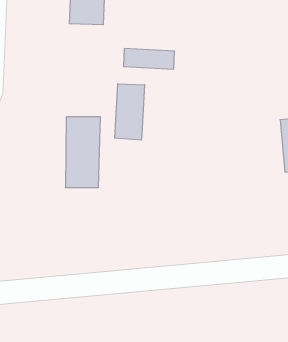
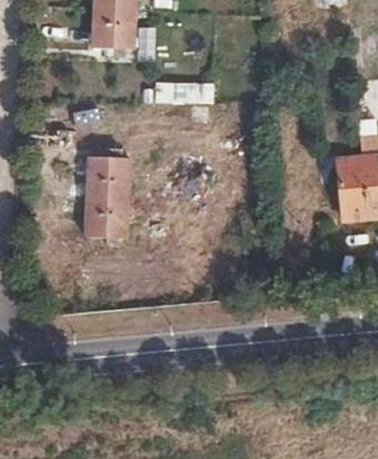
building: [115,84,145,140] -> none

